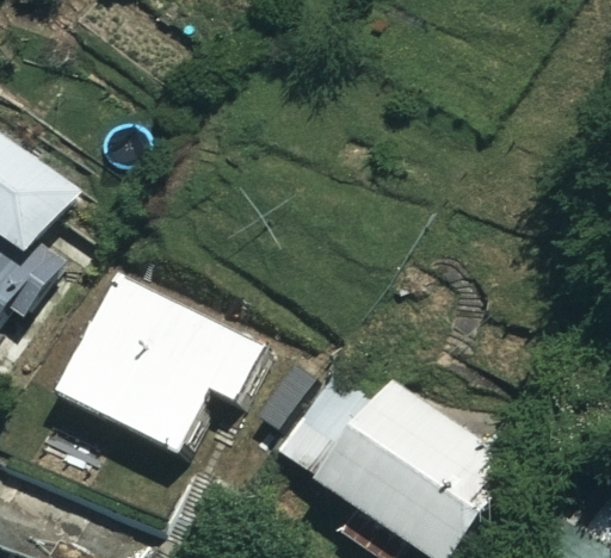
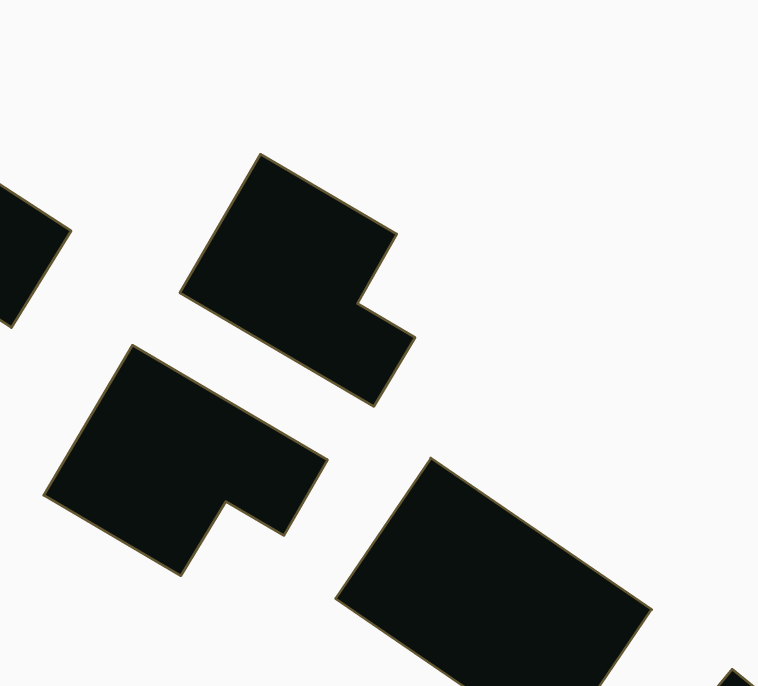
building: none -> [180,154,415,406]

